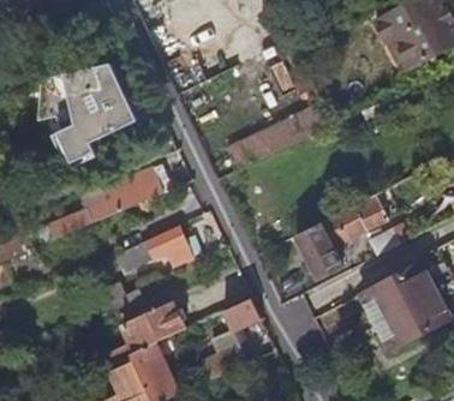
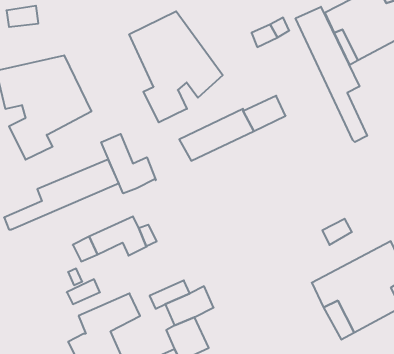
building: none -> [296,7,367,142]
building: none -> [129,11,223,122]
building: none -> [101,134,156,193]
building: [297,192,387,276] -> none

